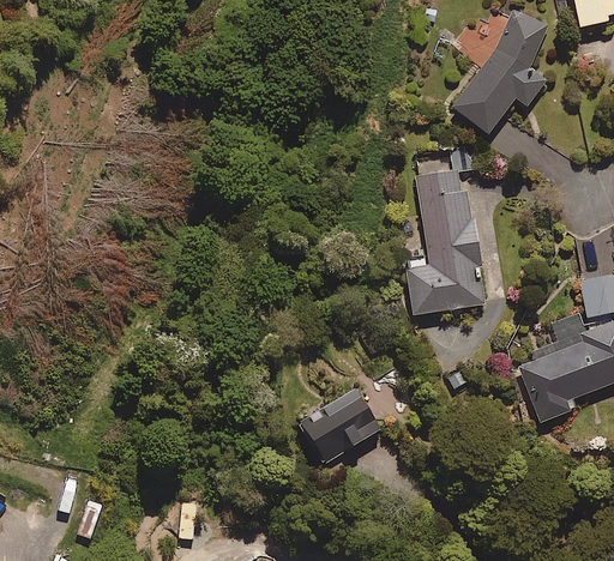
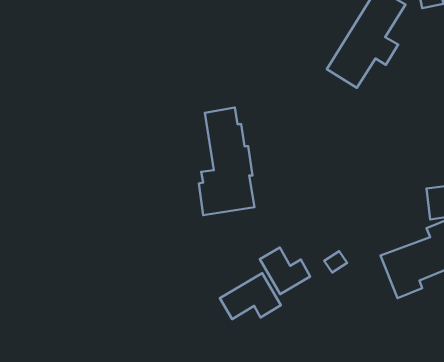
building: [408,169,483,315] -> [199,107,254,215]
building: none -> [260,247,310,294]

